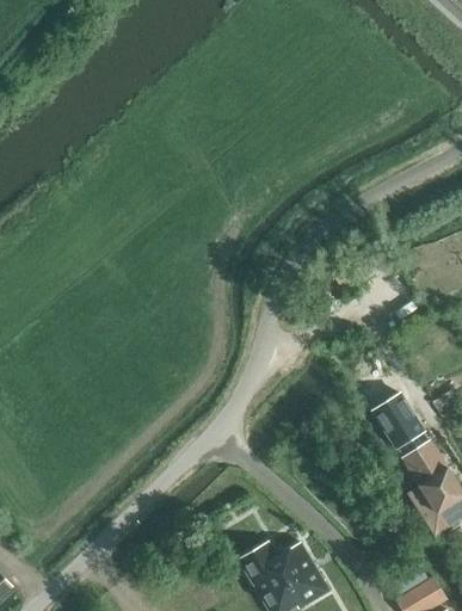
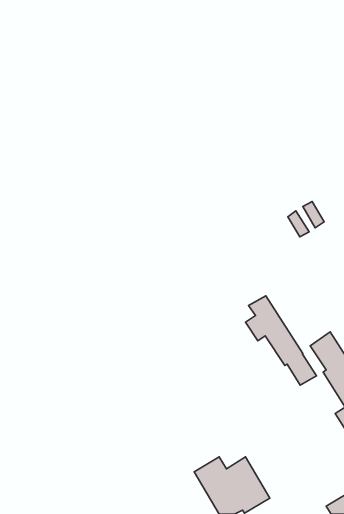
building: none -> [246,296,316,385]

